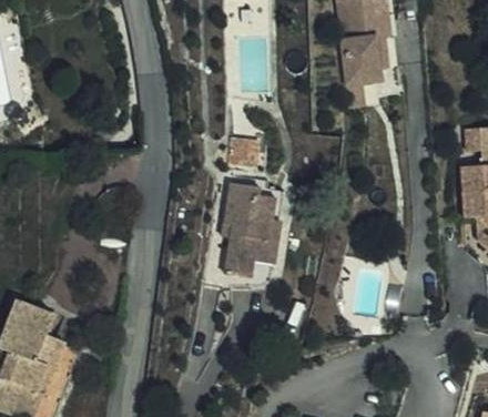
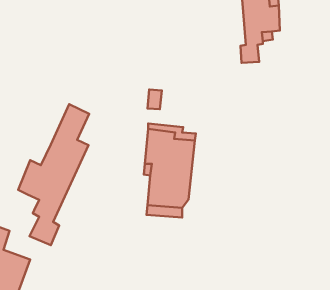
building: none -> [18,104,89,245]

